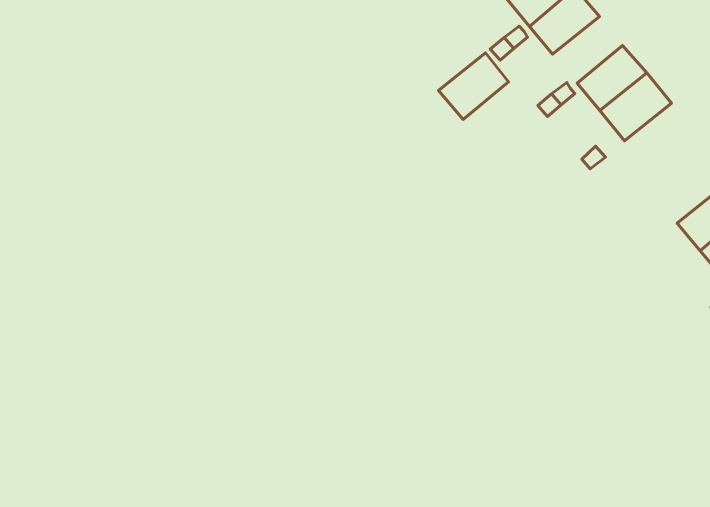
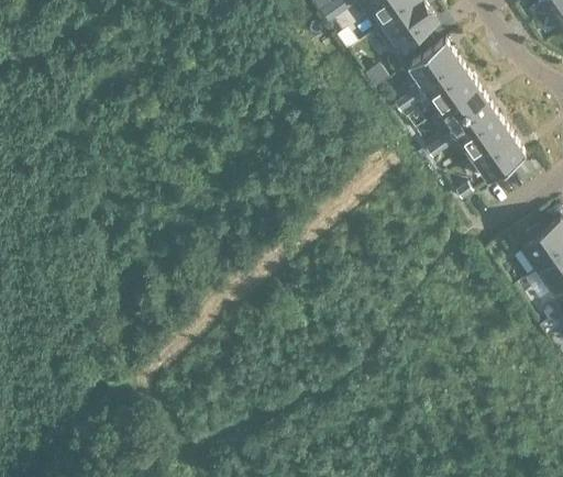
building: [439,53,508,119] -> [441,88,494,136]

